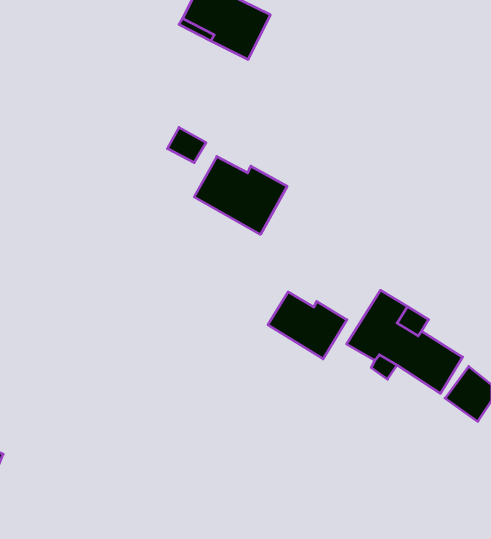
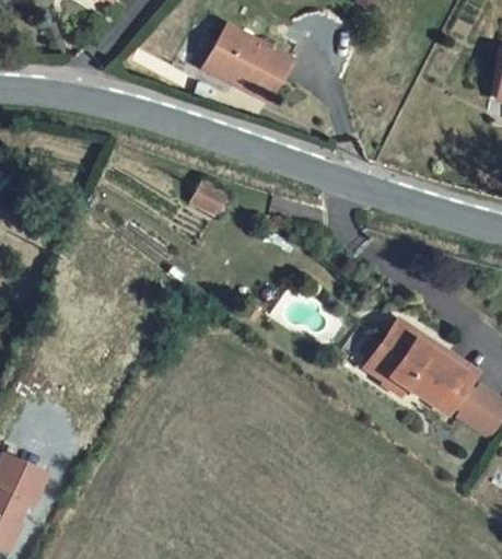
building: [194,156,287,234] -> none
building: [268,292,347,359] -> none

